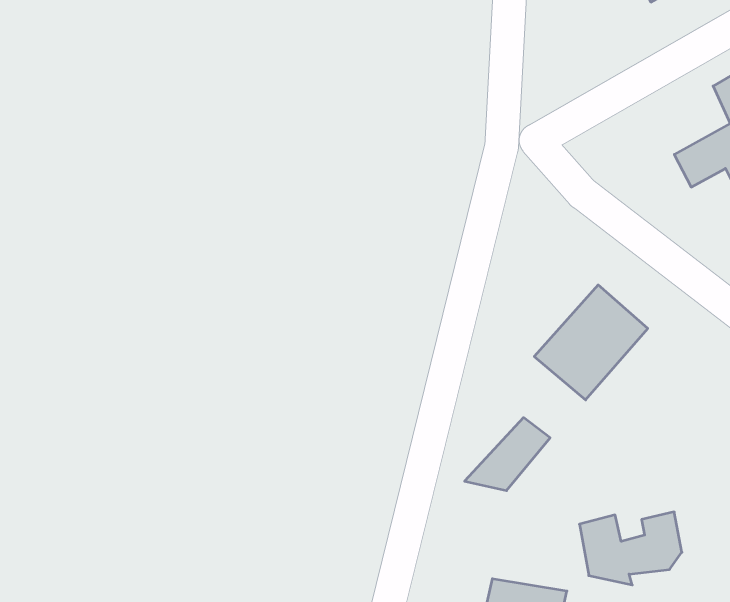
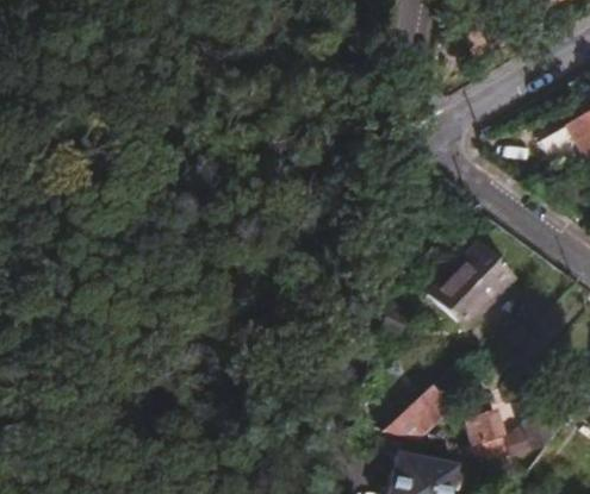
building: [465,418,550,491] -> [385,387,451,443]

